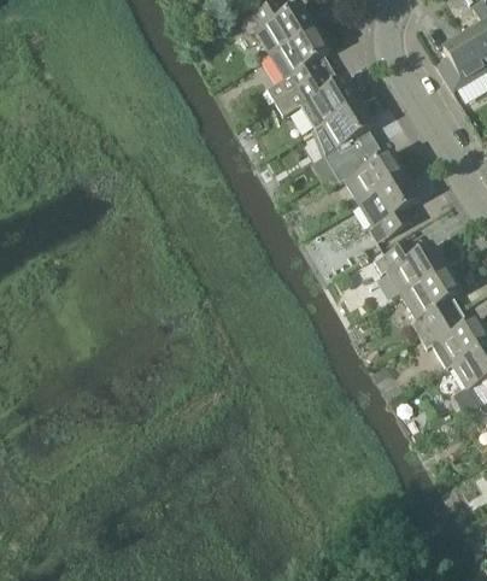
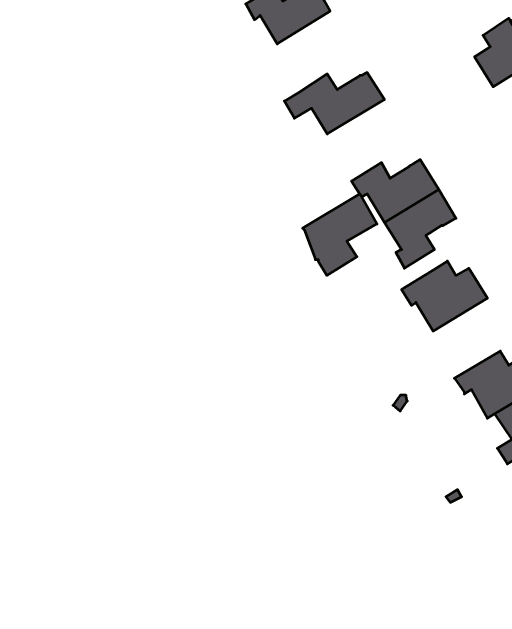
building: [268,25,329,101] -> none
building: [311,100,374,169] -> [303,194,377,275]
building: [400,268,460,335] -> none

